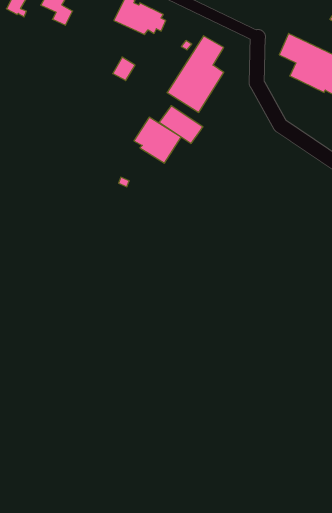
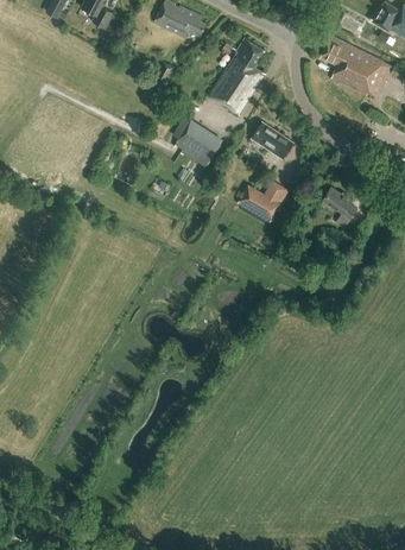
building: [159,106,203,143] -> [251,121,295,159]
building: none -> [238,182,284,220]
building: none -> [323,188,356,228]

